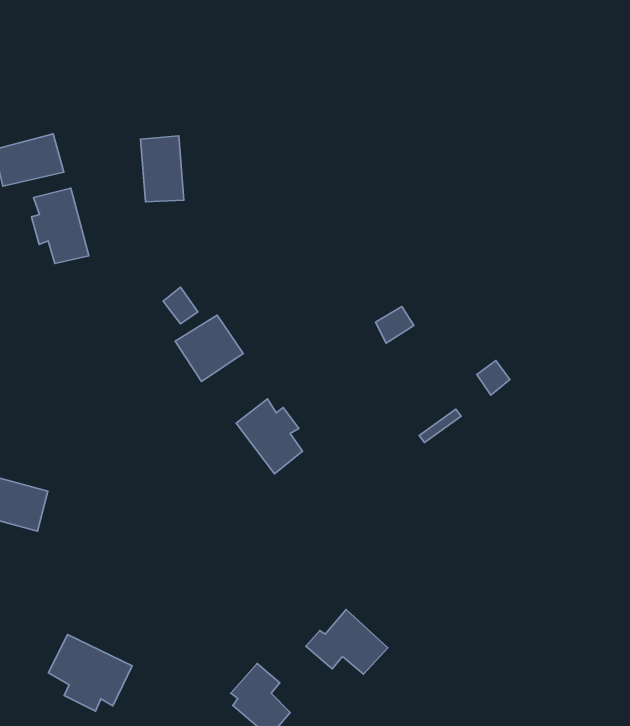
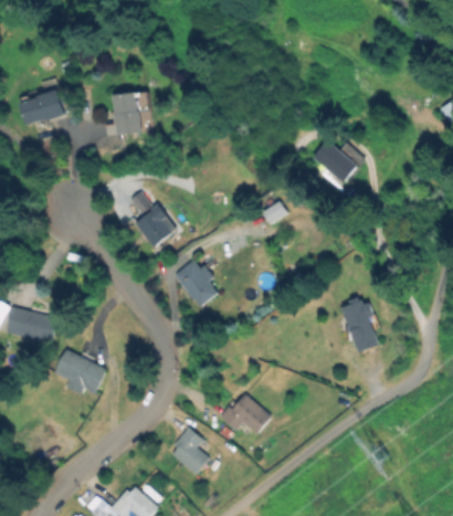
building: [32,188,89,263] -> none
building: none -> [313,140,365,183]
building: none -> [340,299,379,352]
building: [48,634,132,711] -> [54,348,107,397]

